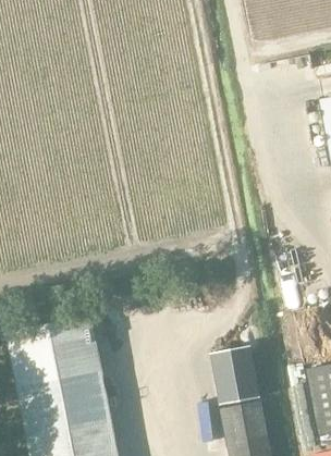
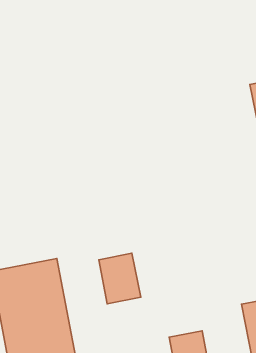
building: [211,345,261,405] -> [99,253,141,304]

